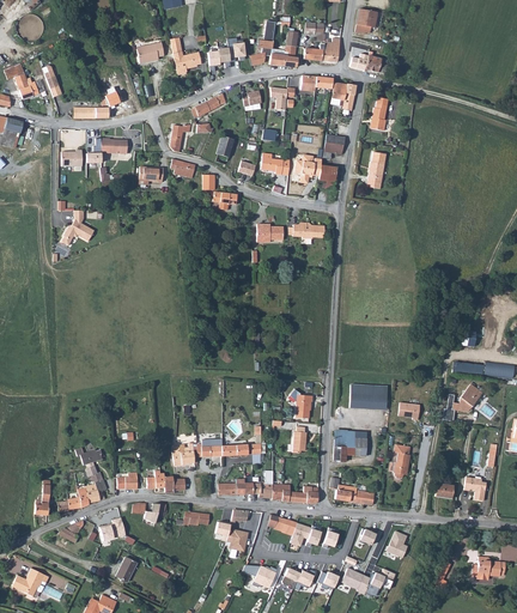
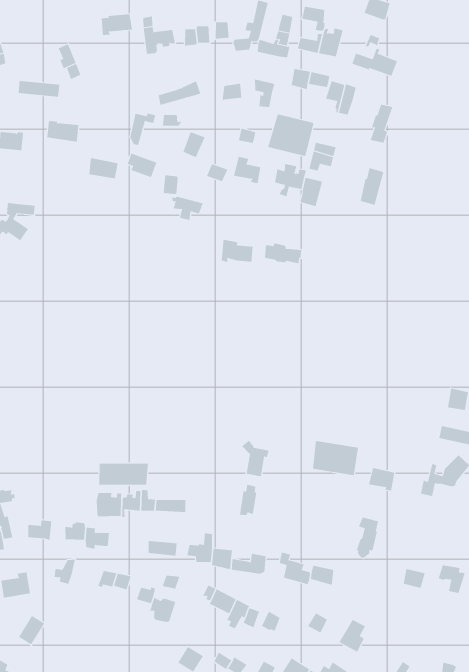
building: none -> [268,114,314,157]
building: none -> [99,463,149,486]
building: [333,431,366,462] -> none

